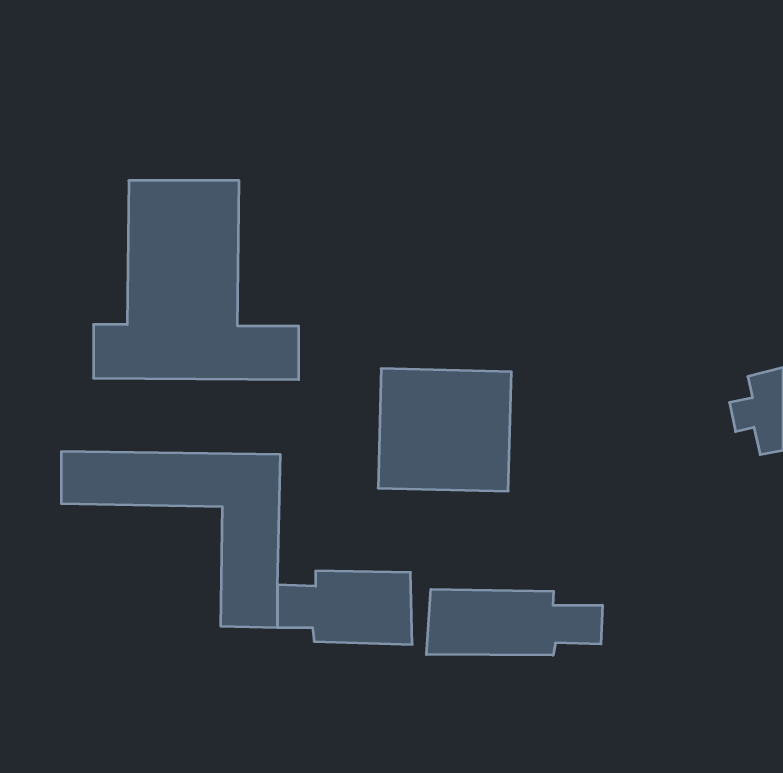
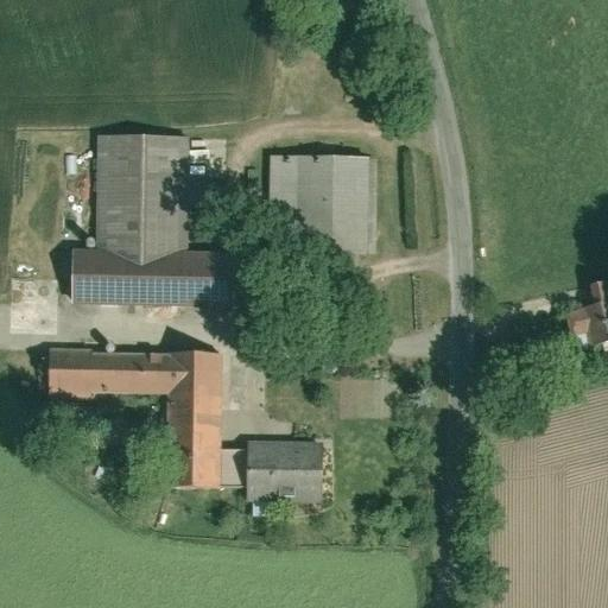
building: [378,369,511,491] -> [268,156,372,251]
building: [426,589,602,655] -> none

